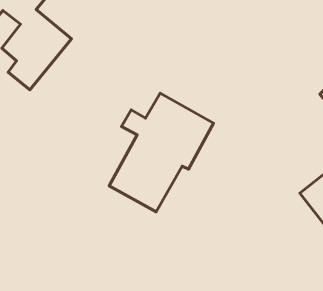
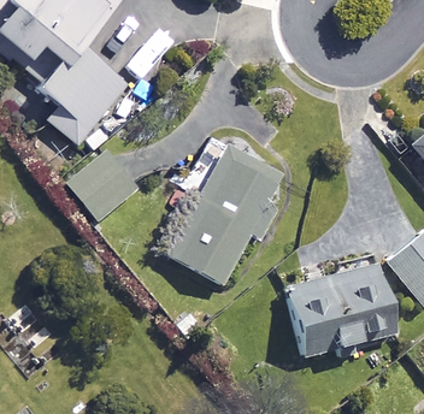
building: none -> [287,264,399,357]

